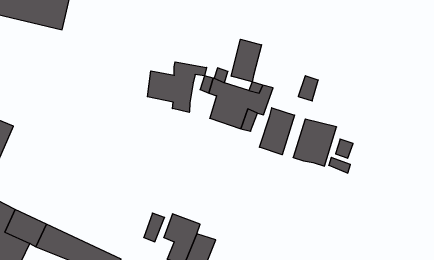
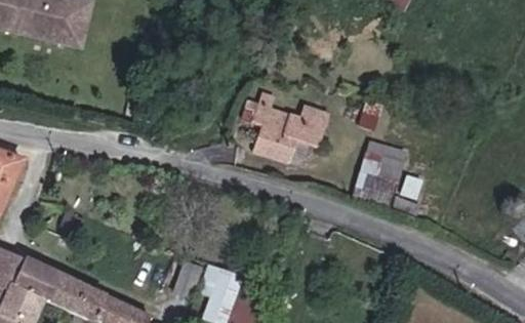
building: [231,39,262,82] -> none
building: [147,62,207,112] -> none
building: [259,108,295,155] -> none

